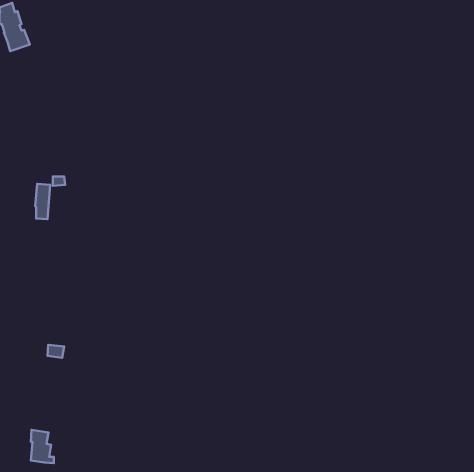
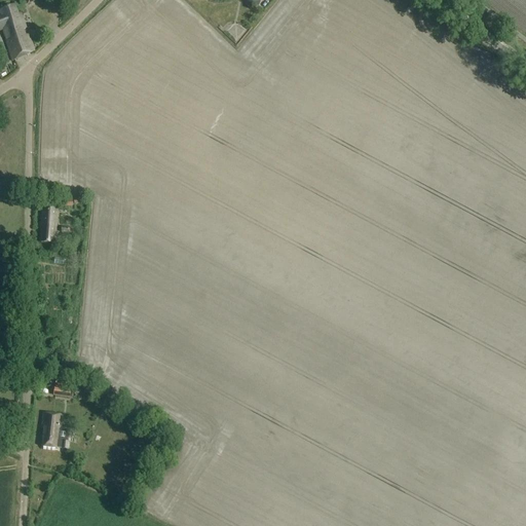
building: [31,430,54,463] -> [42,411,68,448]

